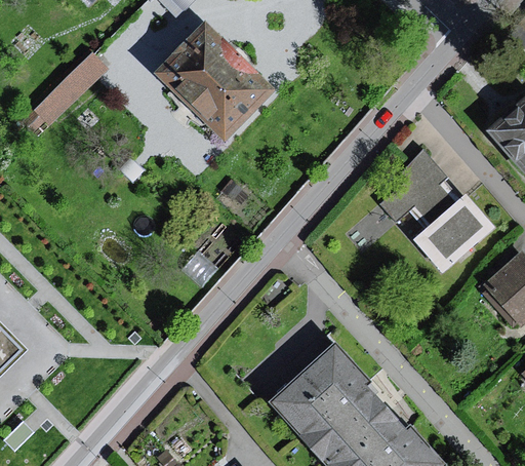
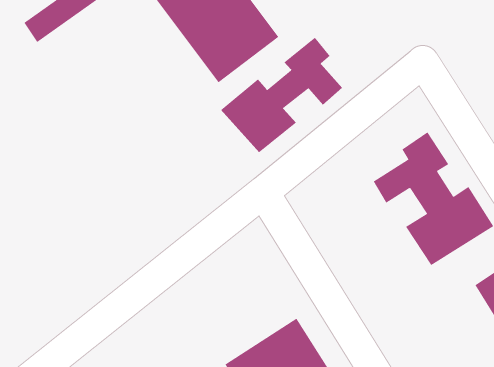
building: none -> [220,37,343,153]

